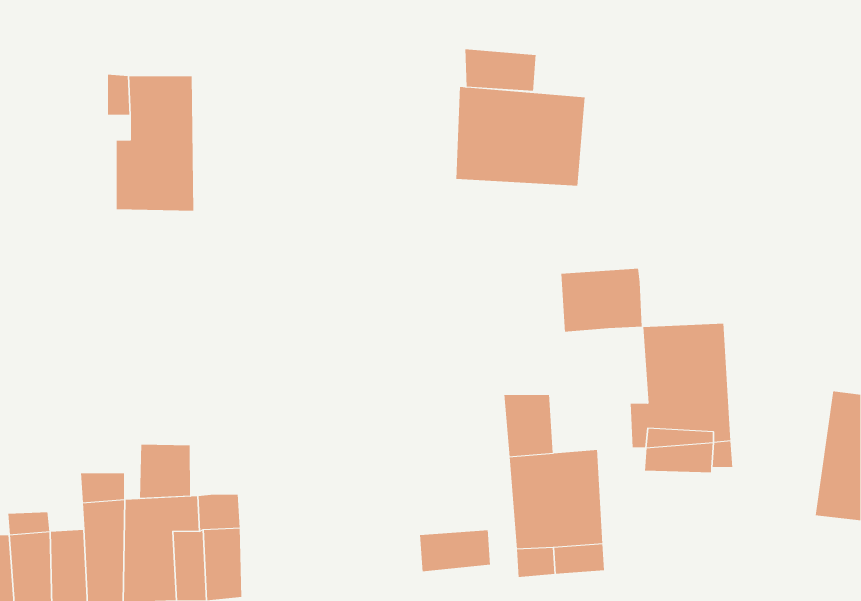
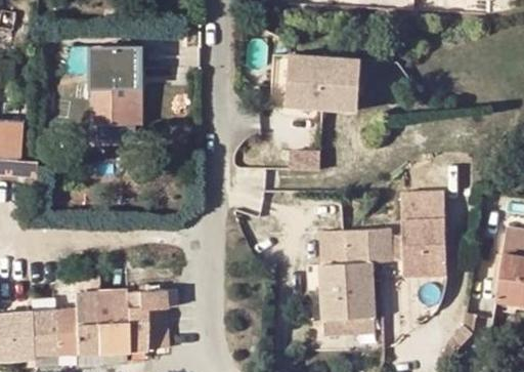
building: [465,48,536,92] -> none
building: [561,268,642,332] -> [343,228,390,264]
building: [139,444,191,499] -> none
building: [420,529,491,572] -> none

